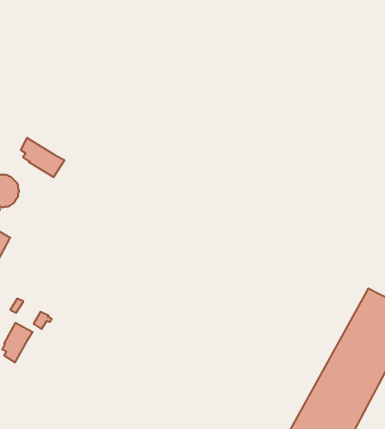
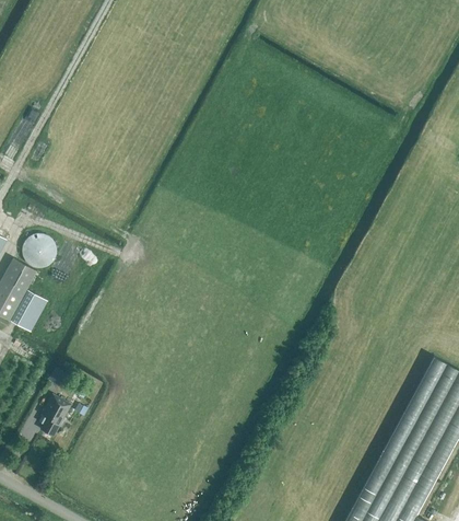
building: [21,138,64,177] -> none

